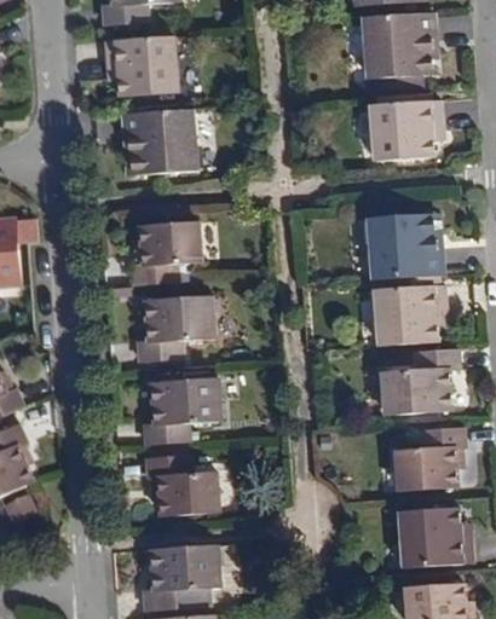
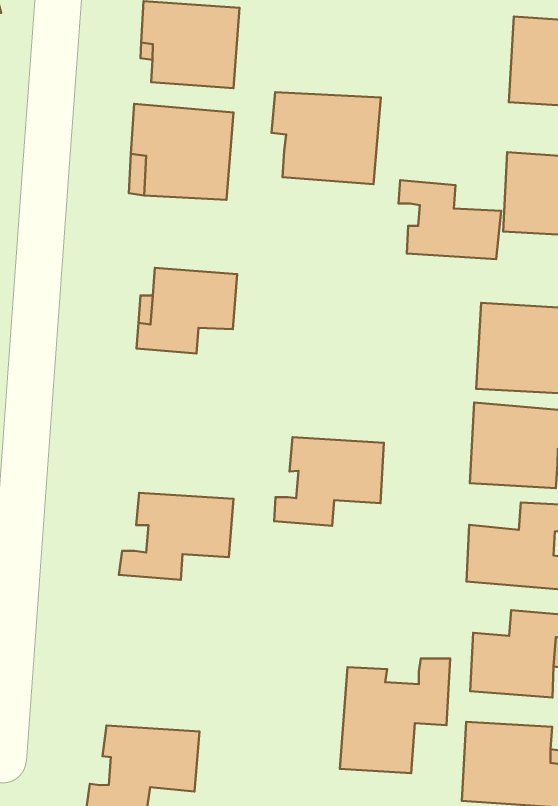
building: none -> [271,92,381,184]
building: none -> [399,180,501,259]
building: [138,295,212,360] -> [274,437,384,526]
building: [145,455,217,515] -> none
building: none -> [340,658,450,773]

